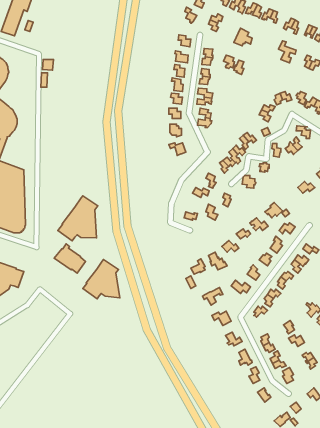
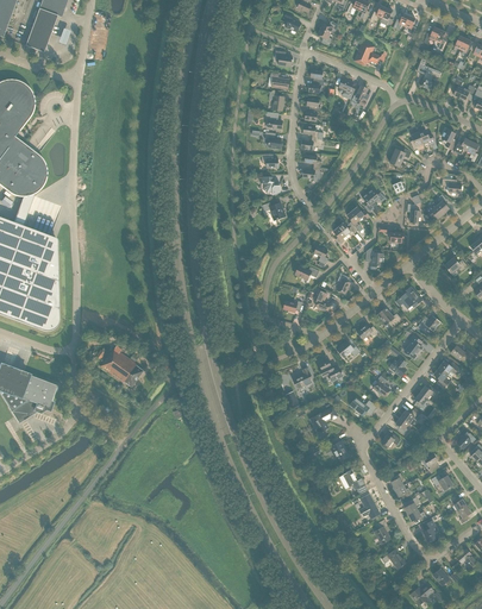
building: [58,196,98,241] -> none
building: [83,260,120,299] -> none

